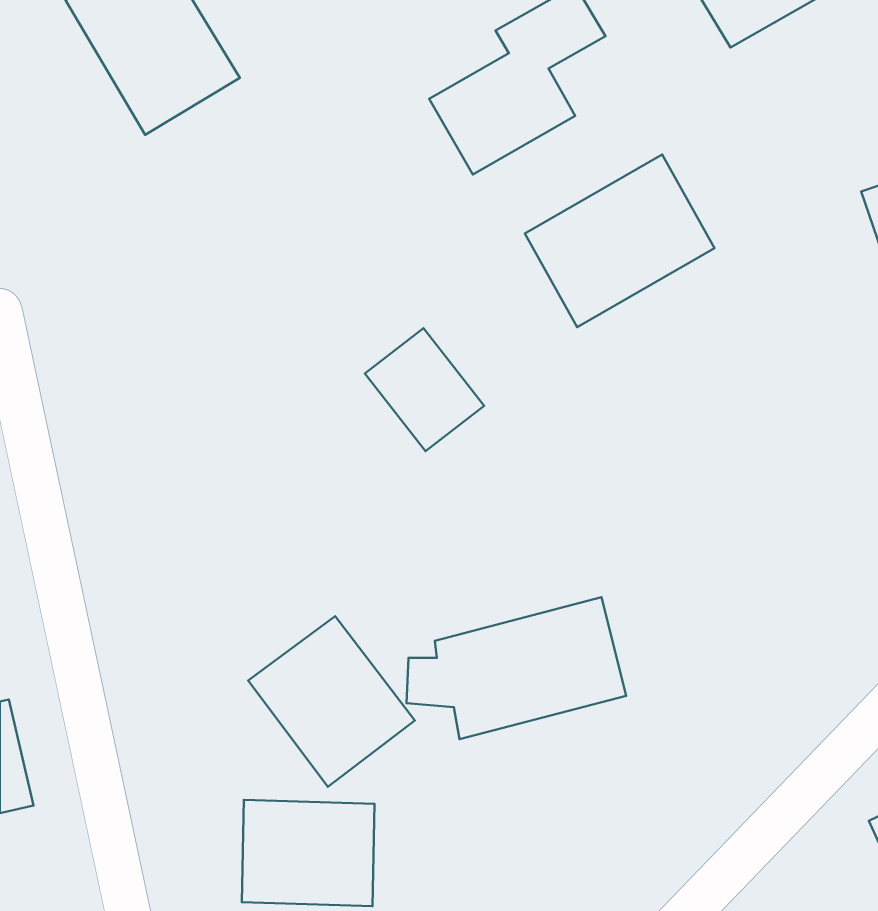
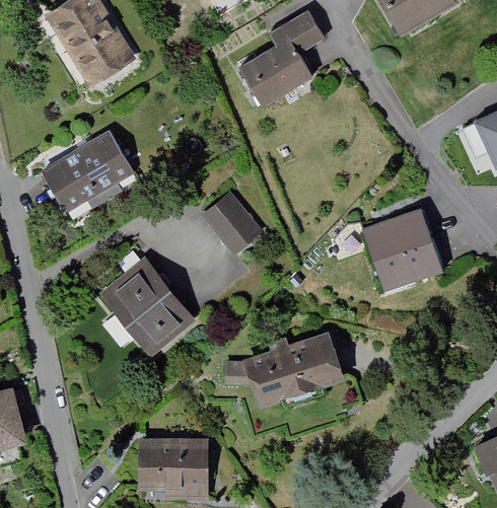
building: [525,155,714,327] -> none
building: none -> [40,127,133,209]
building: none -> [363,211,444,294]
building: [248,616,415,787] -> [103,264,193,355]

